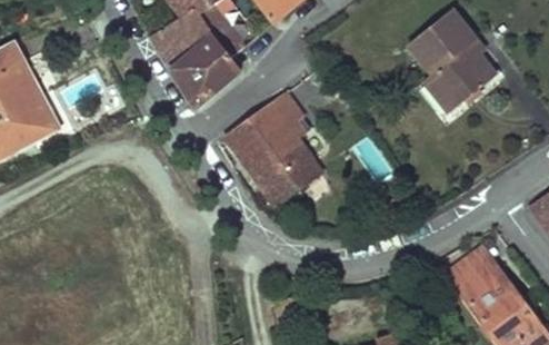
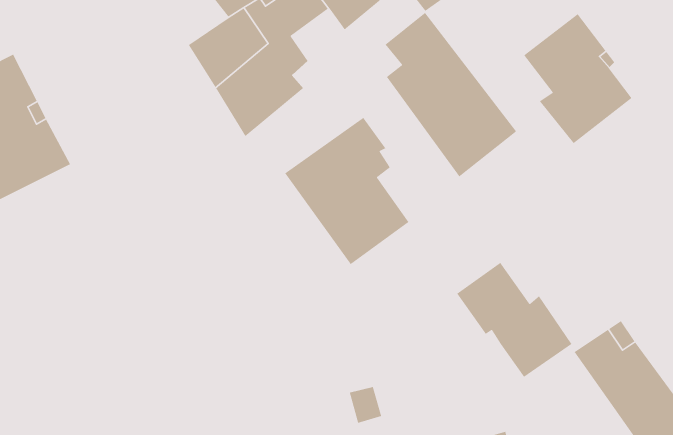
building: none -> [385,12,517,178]
building: none -> [456,262,573,378]

